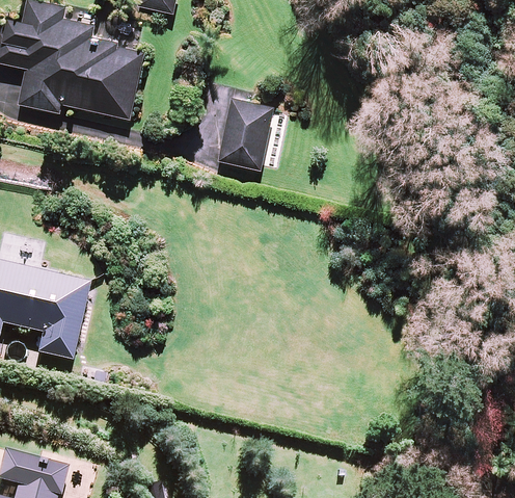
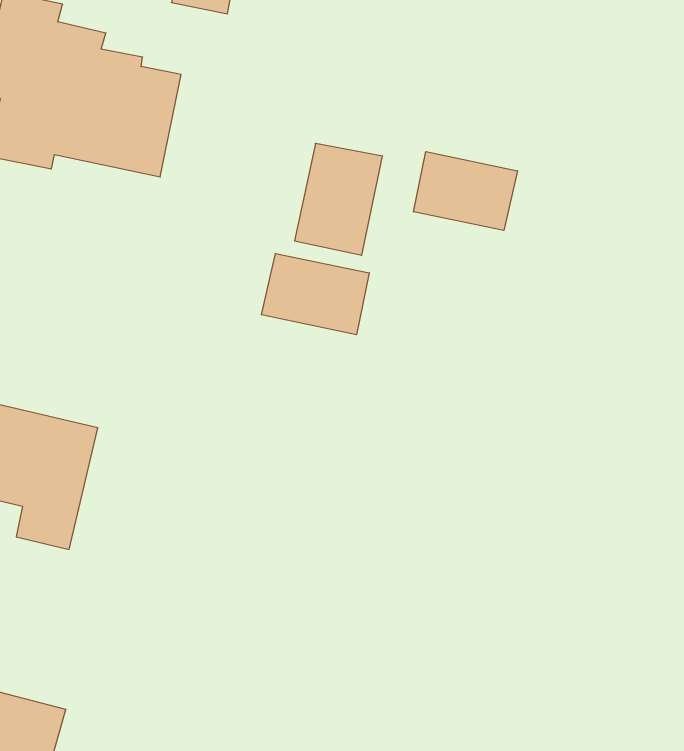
building: none -> [414,152,517,230]
building: none -> [261,253,369,335]

